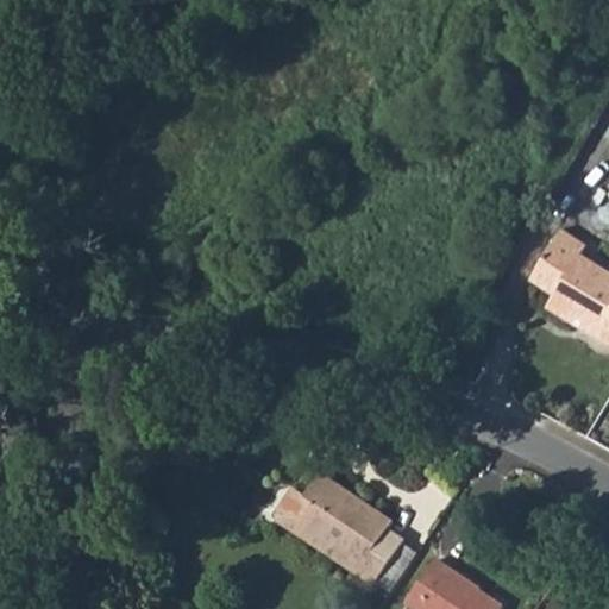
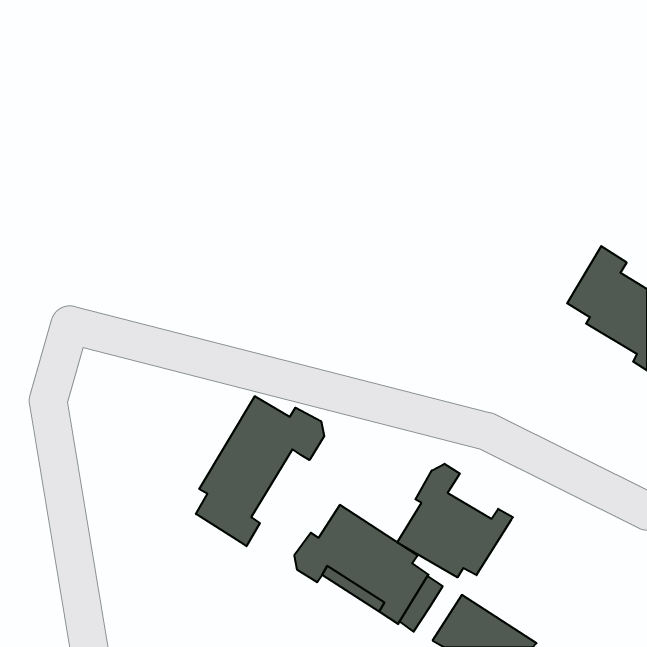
building: none -> [196,396,324,546]
building: none -> [397,464,513,577]

